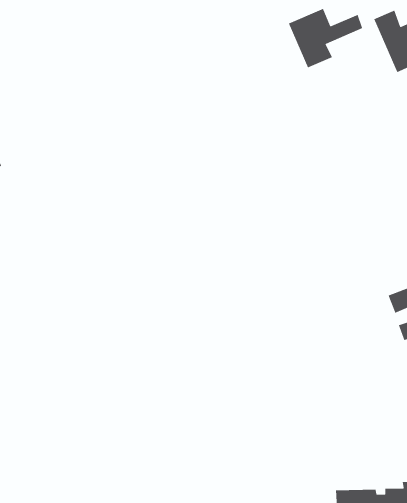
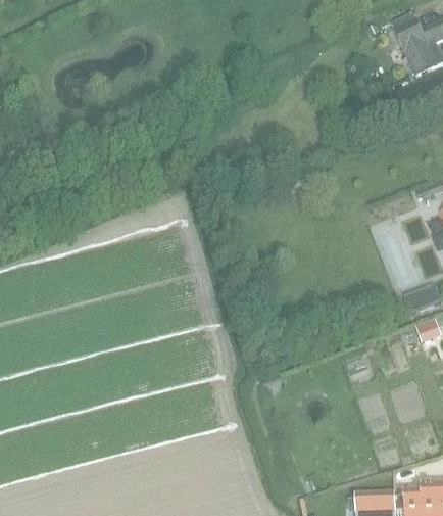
building: [288,8,363,69] -> none

